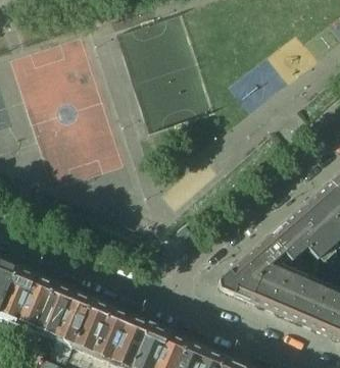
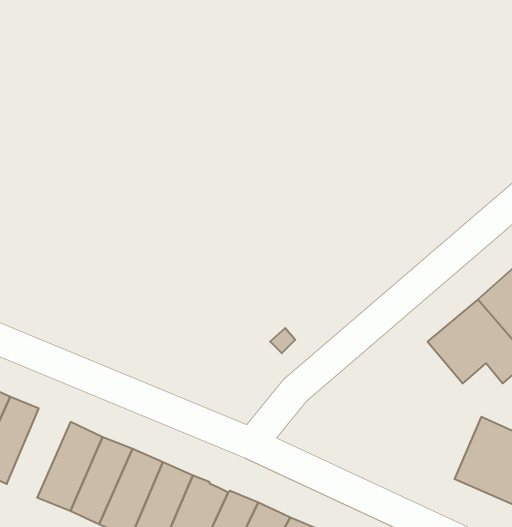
building: [217,232,302,316] -> none
building: [13,273,52,327] -> none

